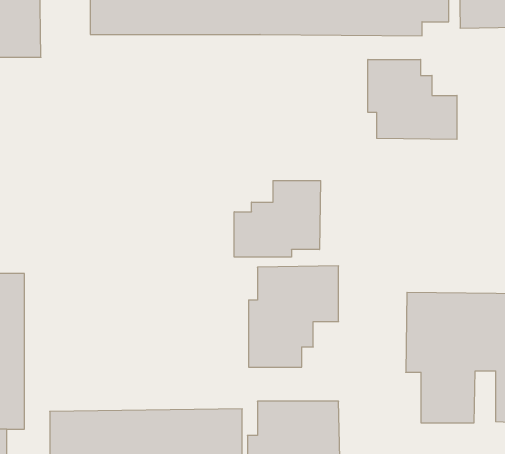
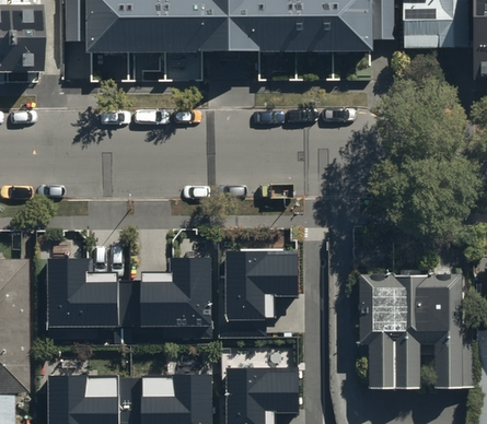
building: [368,59,457,139] -> none
building: [234,181,321,257] -> none
building: none -> [50,259,212,346]

